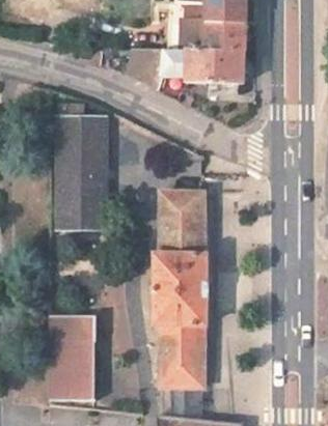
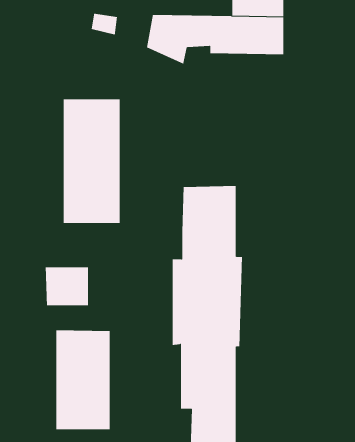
building: none -> [45,266,88,306]

